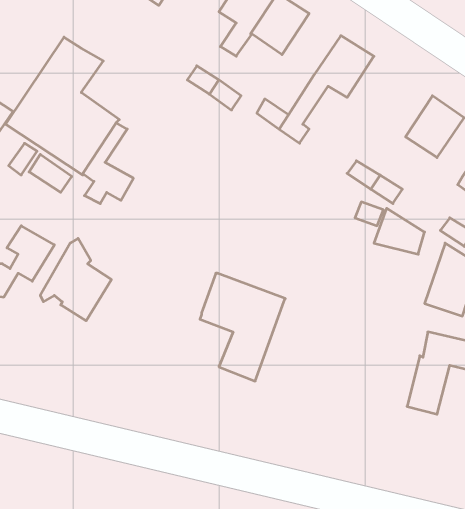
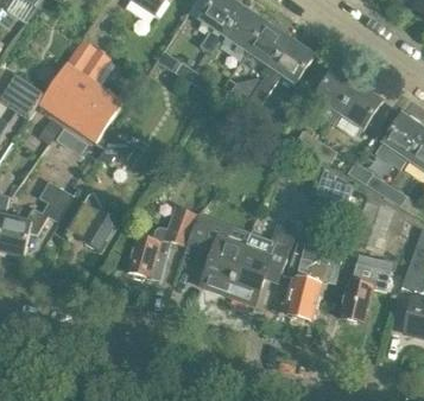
building: none -> [246,18,290,66]
building: none -> [314,65,359,113]
building: none -> [126,206,196,279]
building: none -> [226,225,295,305]
building: none -> [286,248,343,318]

